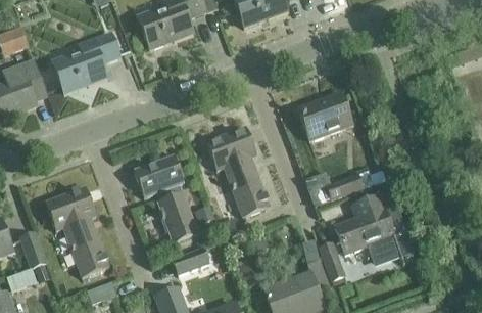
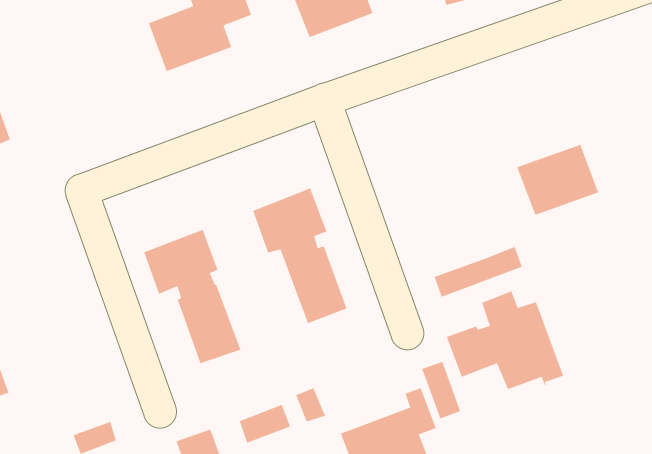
building: [51,32,119,94] -> none
building: [297,91,352,139] -> [516,144,599,216]
building: [46,187,109,277] -> none
building: [174,248,208,274] -> [239,404,291,444]

